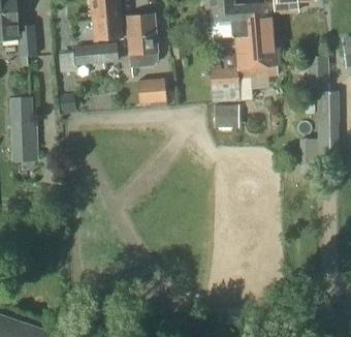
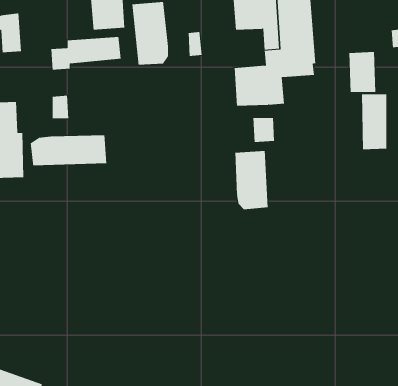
building: [137,79,166,108] -> none
building: none -> [30,135,107,166]
building: none -> [235,150,268,210]

